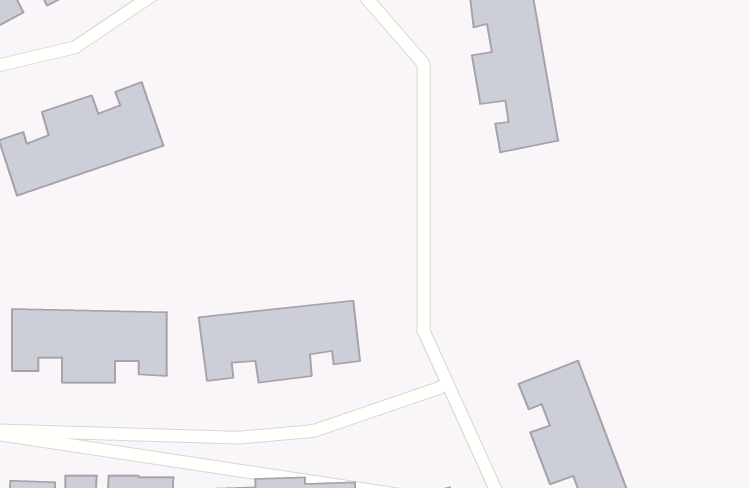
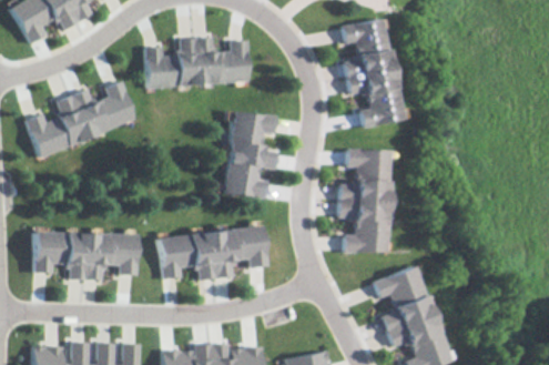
building: none -> [145,37,251,88]
building: none -> [226,112,277,199]
building: none -> [338,150,386,253]

